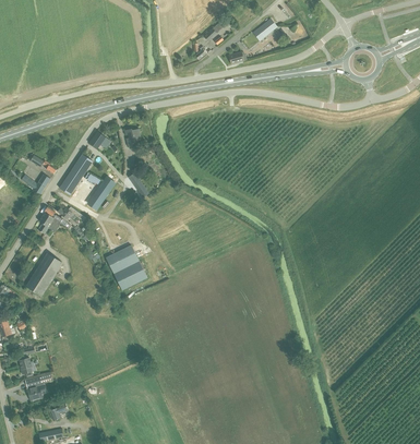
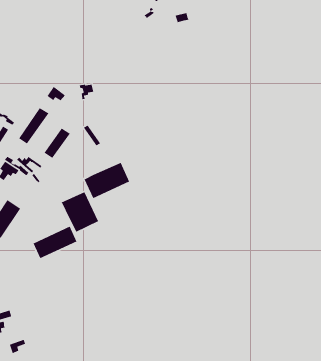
building: none -> [83,162,130,199]
building: none -> [32,225,77,259]

